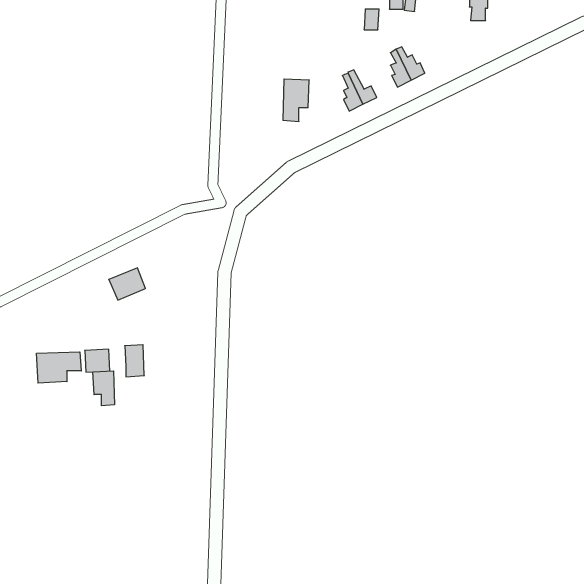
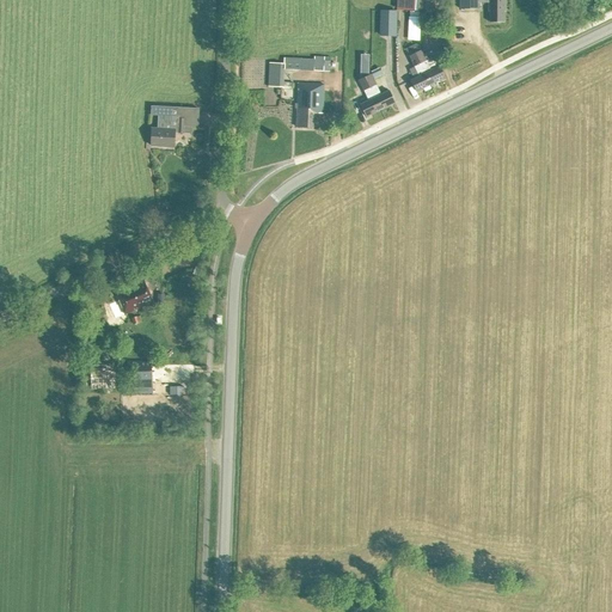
building: none -> [268,56,329,86]
building: none -> [149,115,191,146]
building: [37,352,81,383] -> none
building: [93,371,114,406] -> none

